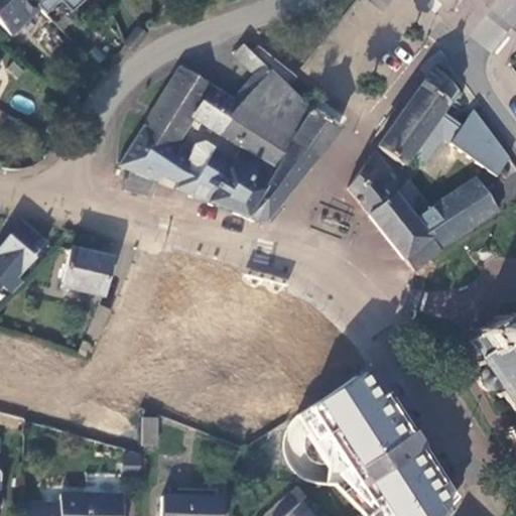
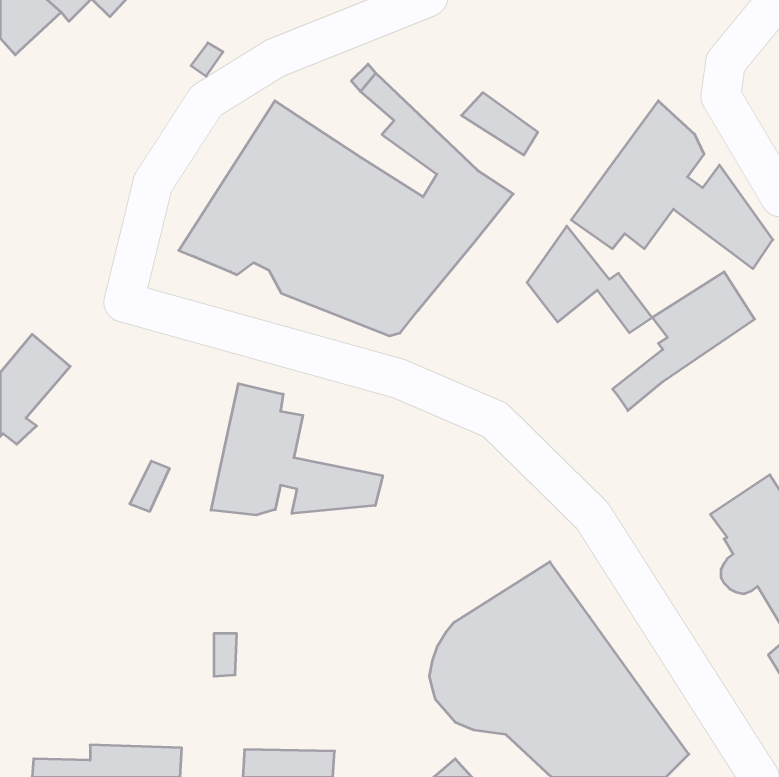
building: [239,89,289,130] -> [461,93,538,155]
building: [369,191,441,257] -> none
building: [61,248,113,296] -> none
building: none -> [211,384,383,515]

